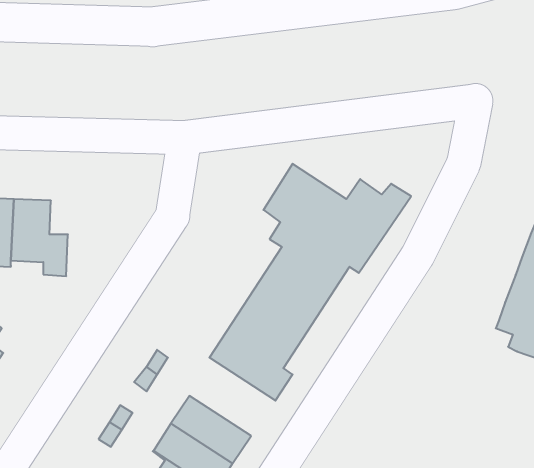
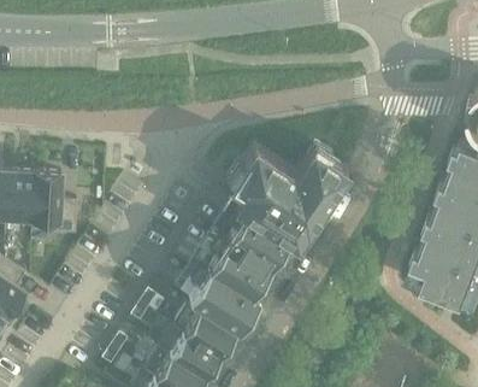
building: none -> [172,305,236,359]

